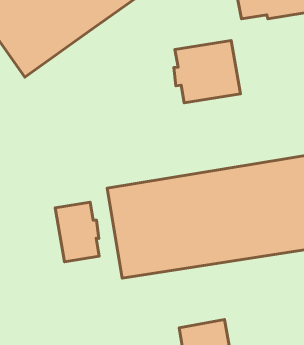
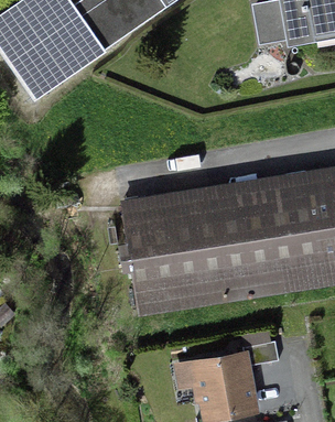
building: [174,40,240,103] -> none
building: [55,202,99,262] -> none

